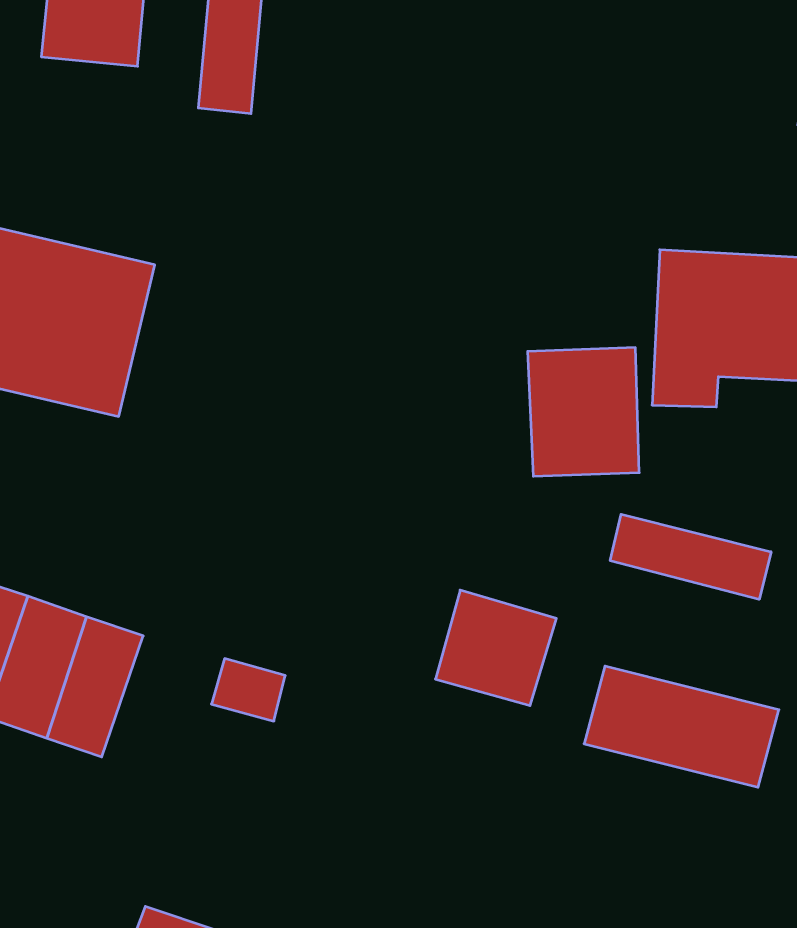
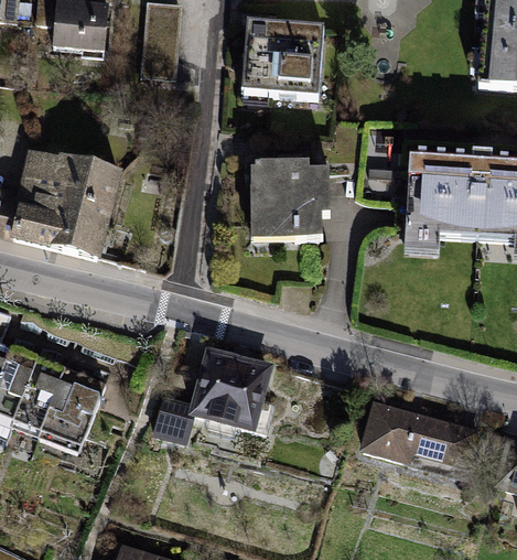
building: none -> [238,20,323,97]
building: [528,348,639,476] -> [255,168,320,243]
building: [610,514,771,599] -> none
building: [435,590,556,706] -> [198,354,269,421]

